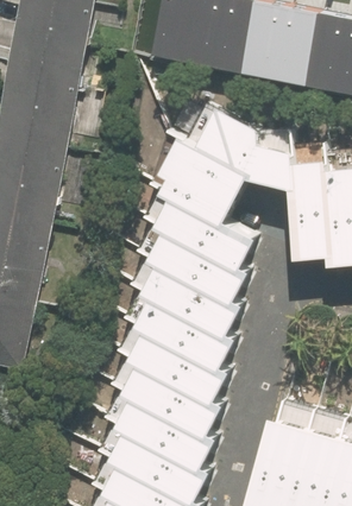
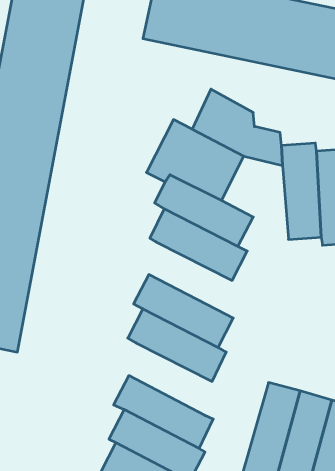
building: [146,257,247,330] -> none
building: [126,359,227,432] -> none

